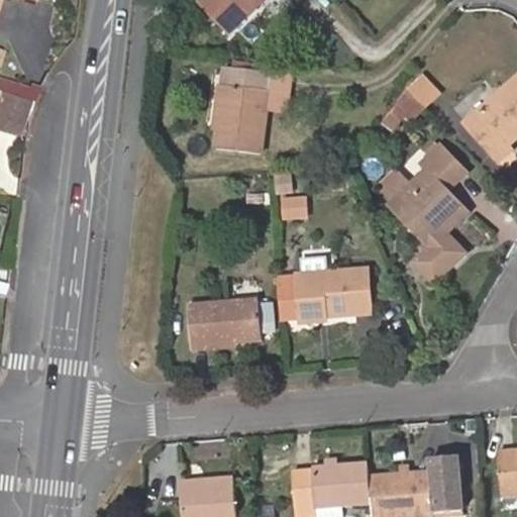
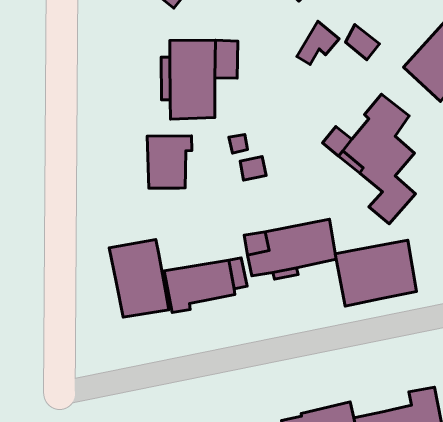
building: [381,87,427,131] -> [297,21,339,65]
building: none -> [147,136,192,188]
building: none -> [109,239,169,317]
building: none -> [335,240,417,306]

